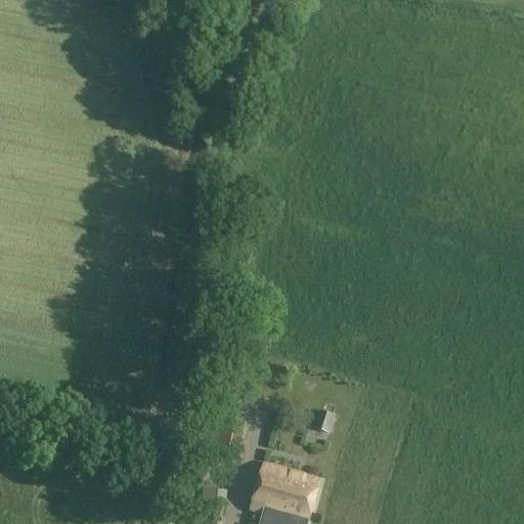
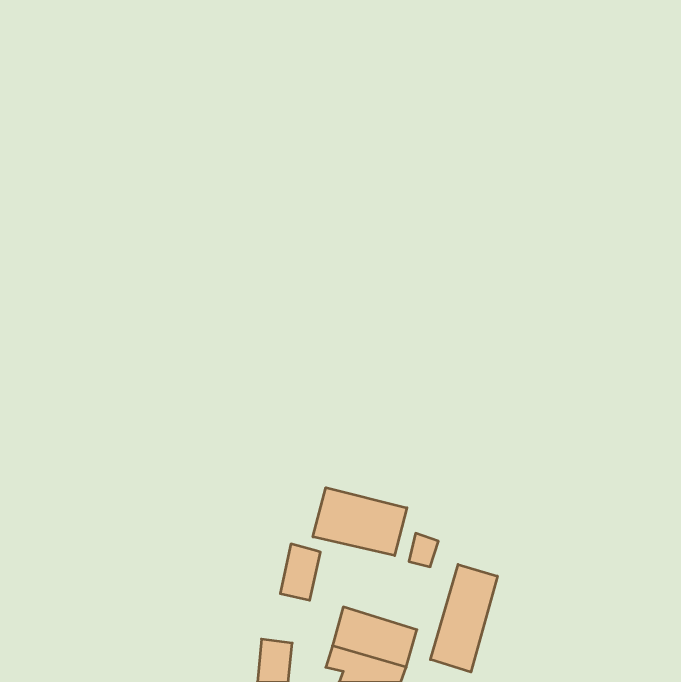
building: none -> [313,488,407,556]
building: none -> [430,564,497,672]

